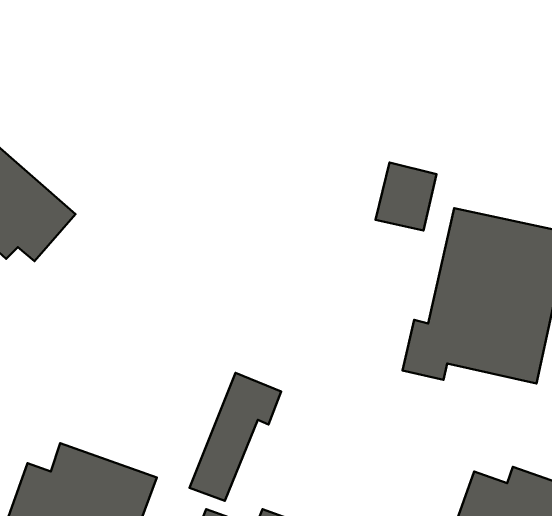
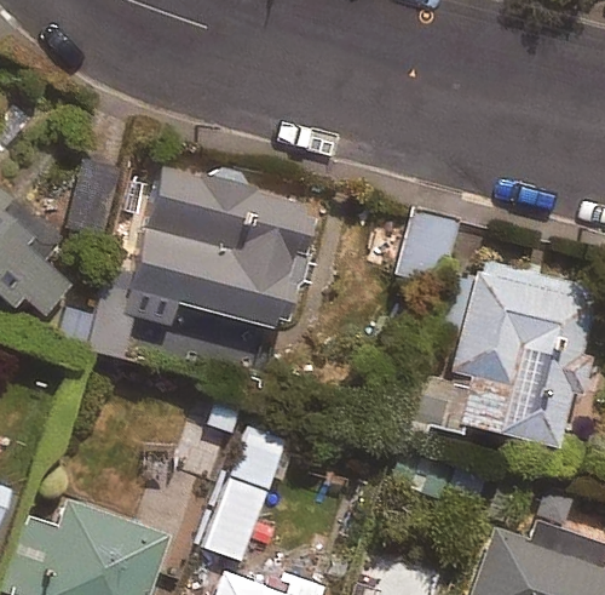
building: none -> [90,166,311,364]

